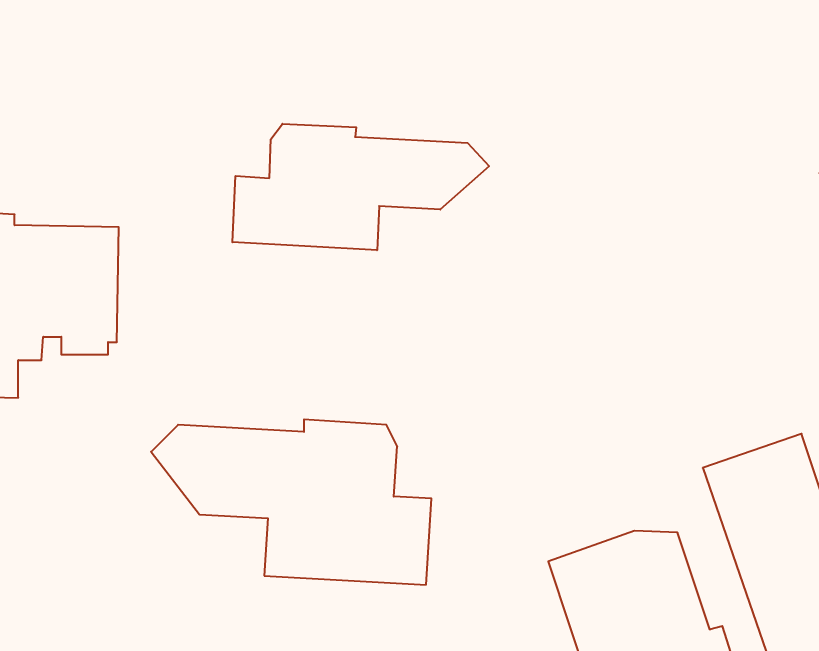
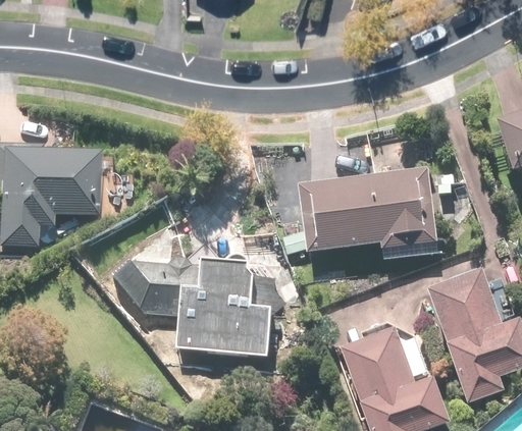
building: [232,124,489,250] -> none
building: none -> [299,168,438,259]

